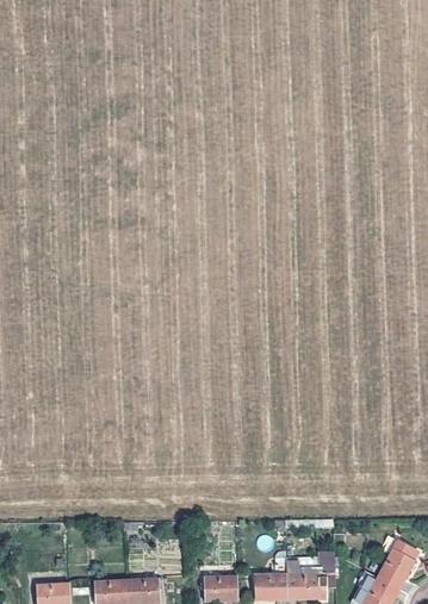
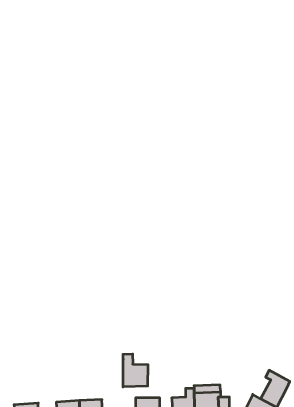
building: none -> [123,354,148,387]

